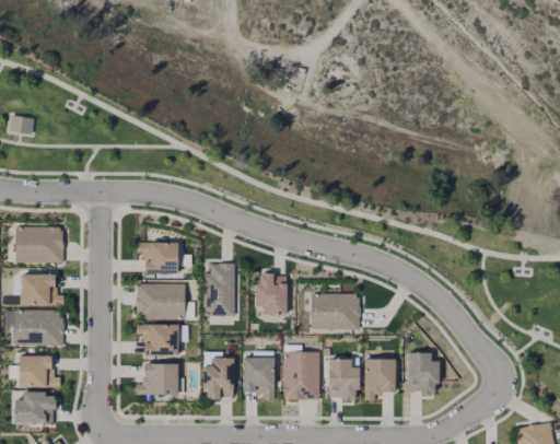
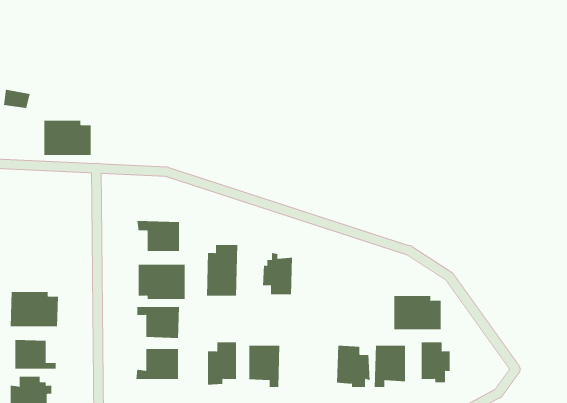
building: [16,226,62,260] -> [44,120,91,156]
building: [22,273,63,303] -> none
building: [313,294,359,327] -> [393,296,441,330]
building: [283,353,319,400] -> none

